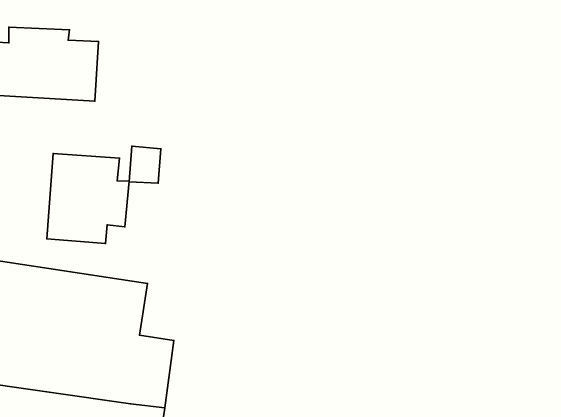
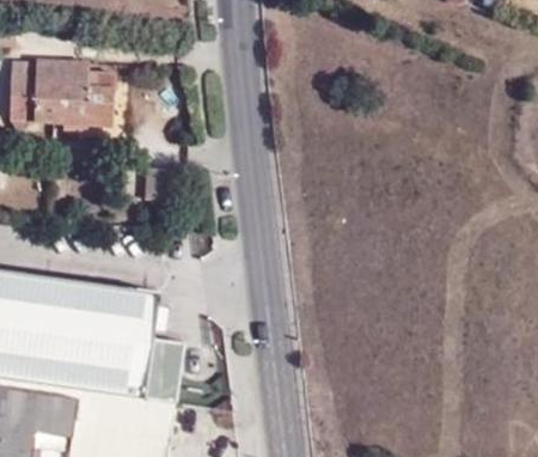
building: [47,154,129,244] -> none

